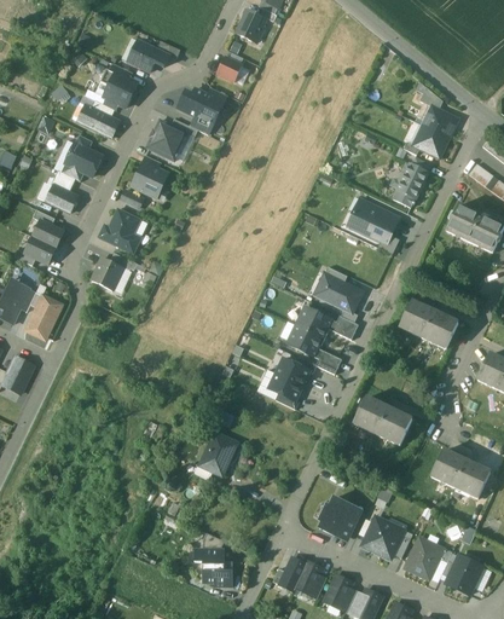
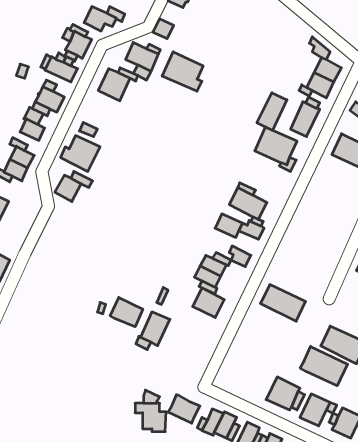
building: none -> [162,52,203,91]
building: none -> [257,93,287,130]
building: [133,162,167,195] -> none
building: [27,296,60,337] -> none
building: [399,300,458,348] -> none
building: [286,324,321,355] -> none
building: none -> [193,288,224,318]
building: none -> [110,297,143,327]
building: none -> [300,346,348,386]
building: [317,496,360,539] -> none
building: none -> [168,395,200,423]

